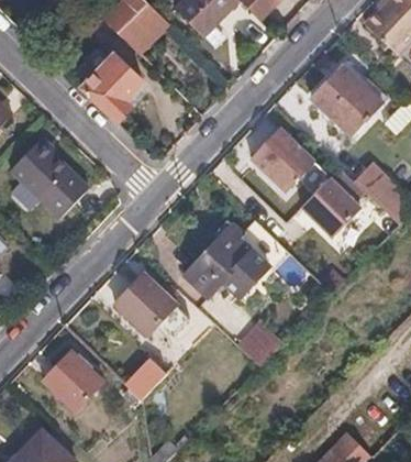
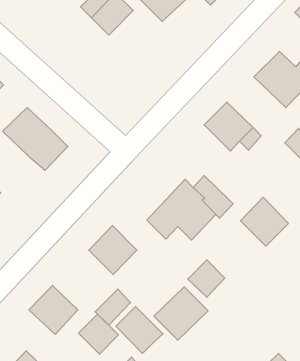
building: [74,44,143,119] -> none
building: [301,177,359,236] -> [240,197,288,246]
building: none -> [154,287,208,340]
building: none -> [116,307,163,353]
building: none -> [78,314,118,354]

